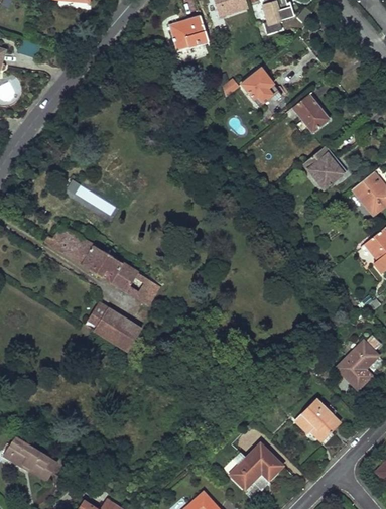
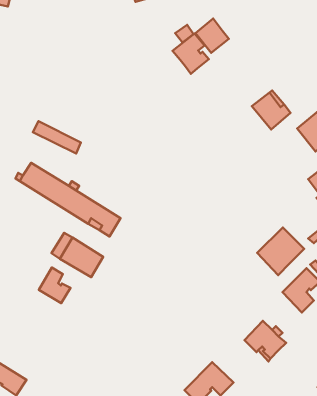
building: none -> [173,33,209,74]
building: [291,95,330,134] -> none
building: none -> [257,228,304,275]
building: none -> [39,267,70,303]

